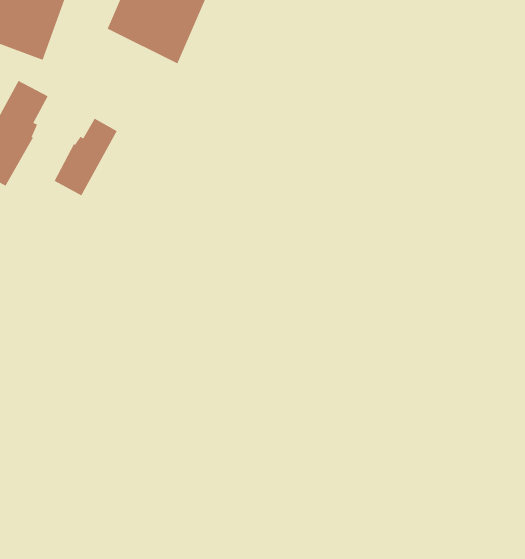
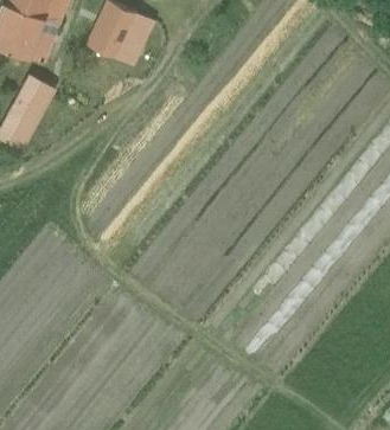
building: [54,118,117,196] -> none

